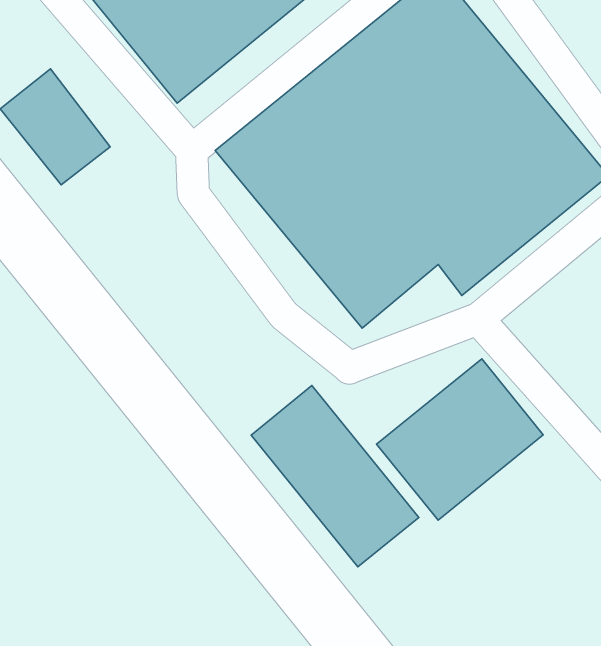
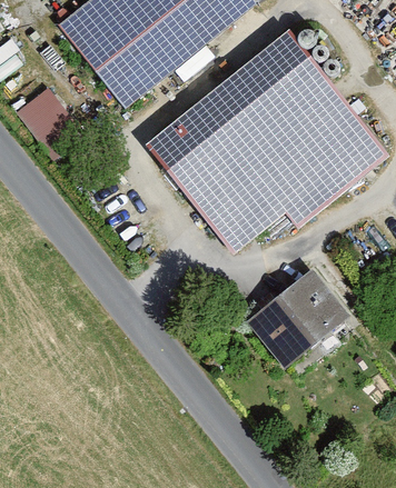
building: [251,386,419,567] -> none

